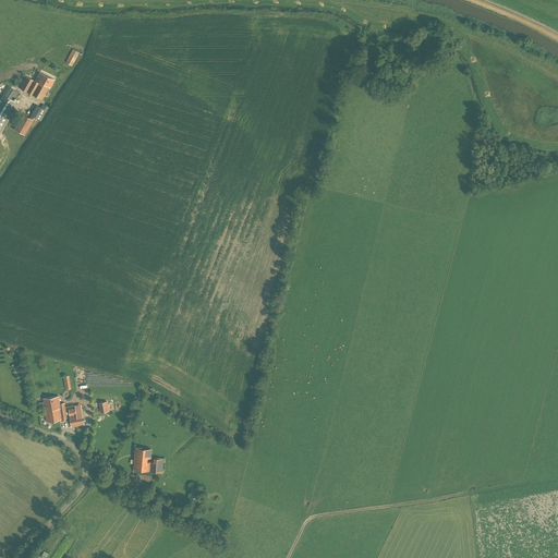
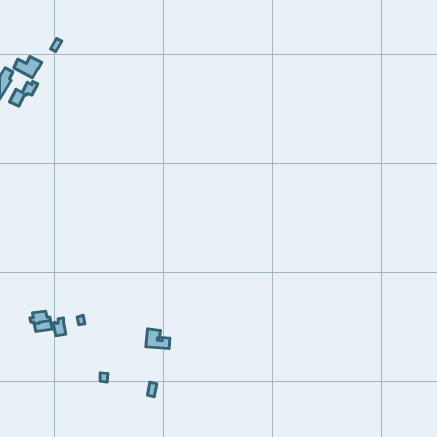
building: [132,448,162,473] -> [146,329,170,349]

